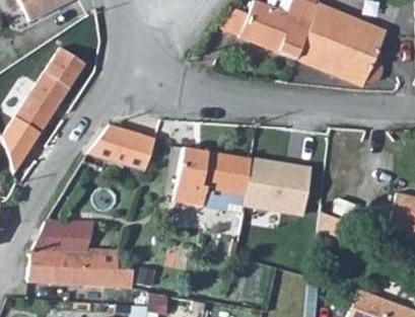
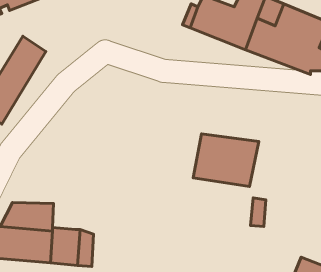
building: [87,117,154,165] -> none
building: [175,140,254,205] -> none

